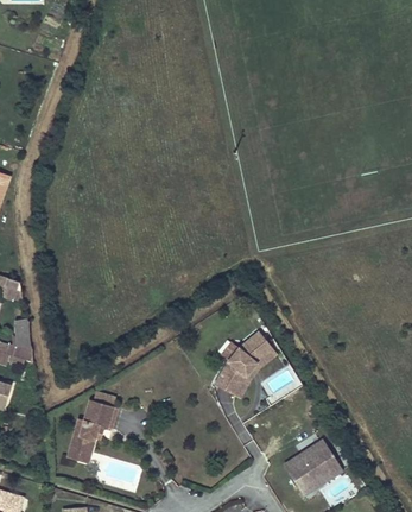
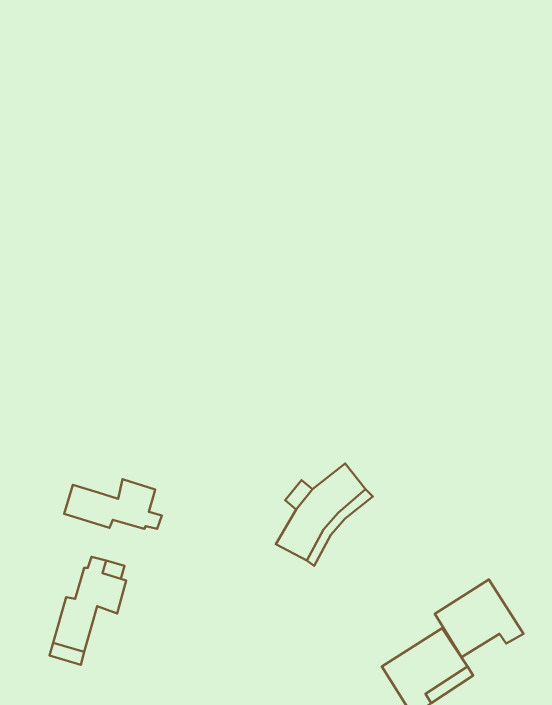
building: none -> [64,479,162,529]
building: none -> [435,580,523,657]

